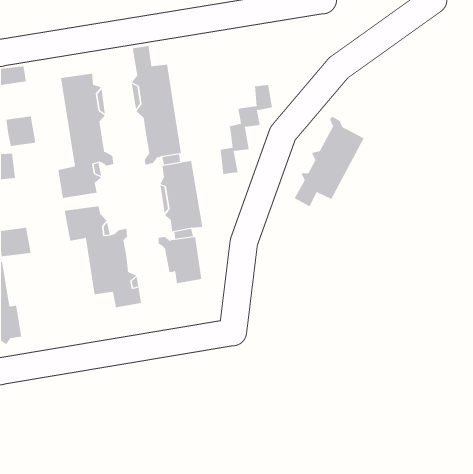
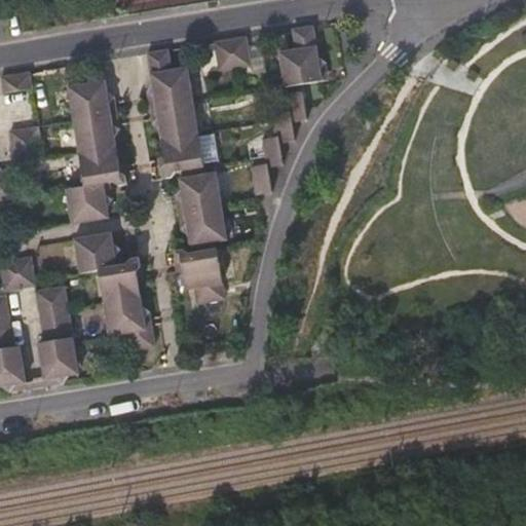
building: none -> [276,27,323,87]
building: none -> [213,38,247,72]
building: [294,116,364,207] -> none
building: none -> [35,279,77,374]

